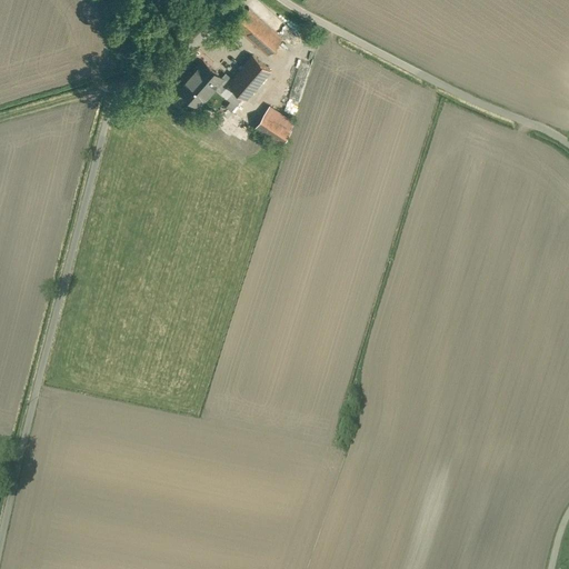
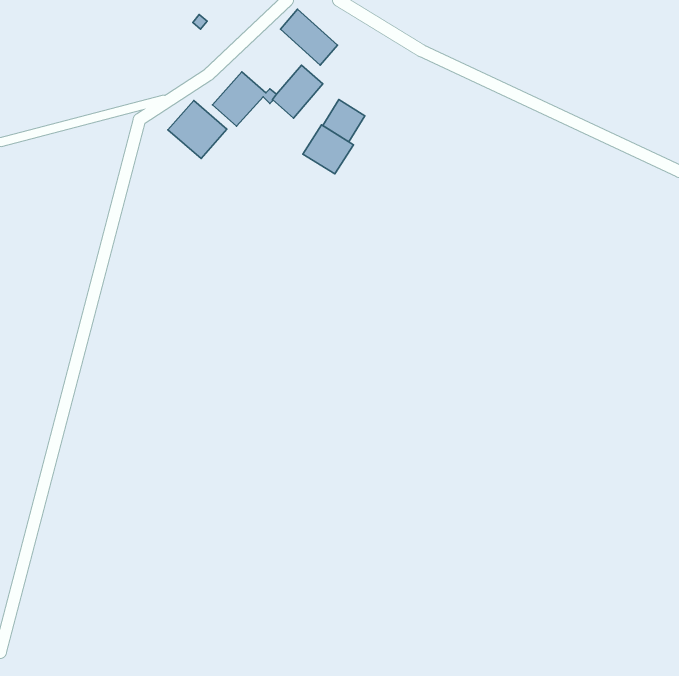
building: none -> [323,99,365,142]
building: none -> [168,100,227,158]

